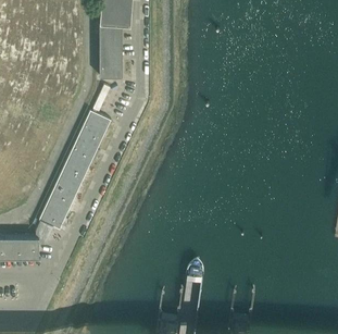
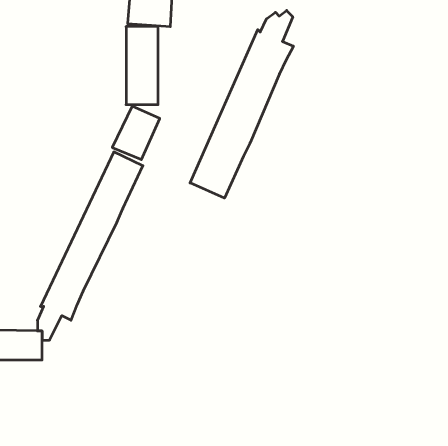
building: none -> [190,10,293,198]

